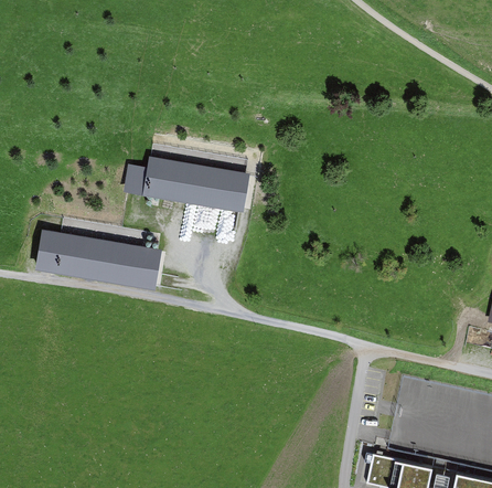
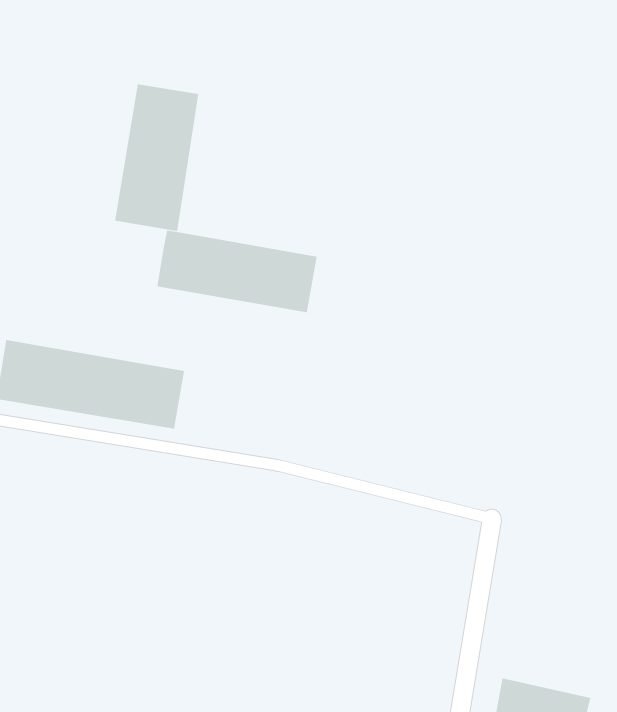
building: none -> [114,83,199,232]
building: [125,165,148,194] -> none

